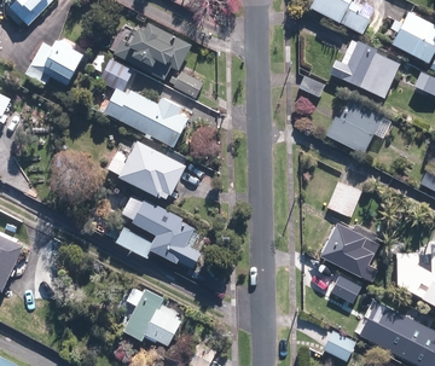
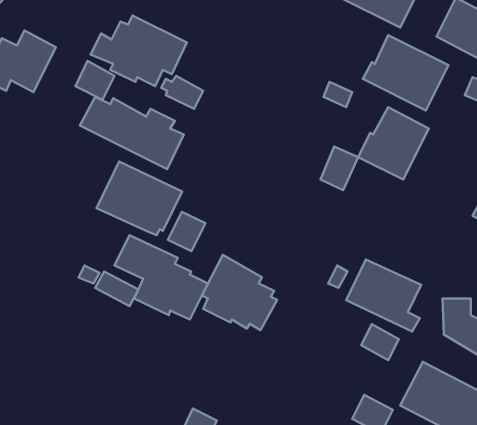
building: none -> [168,212,205,251]
building: [331,184,361,219] -> [321,146,358,190]
building: [118,281,179,342] -> [202,255,277,330]

